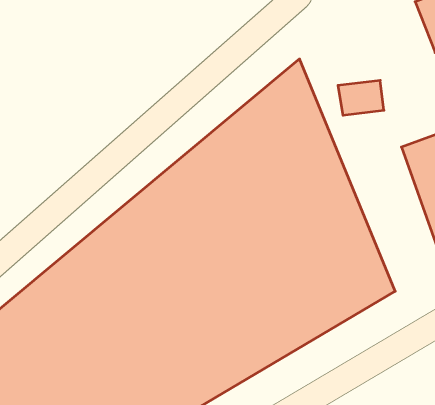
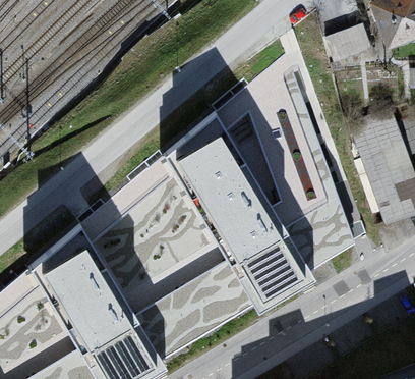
building: [338,80,384,115] -> [333,25,370,54]

